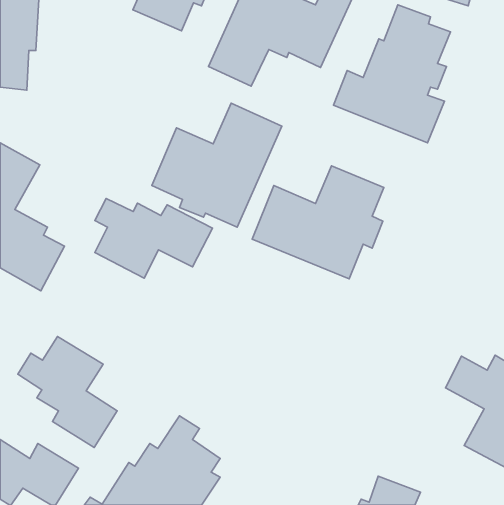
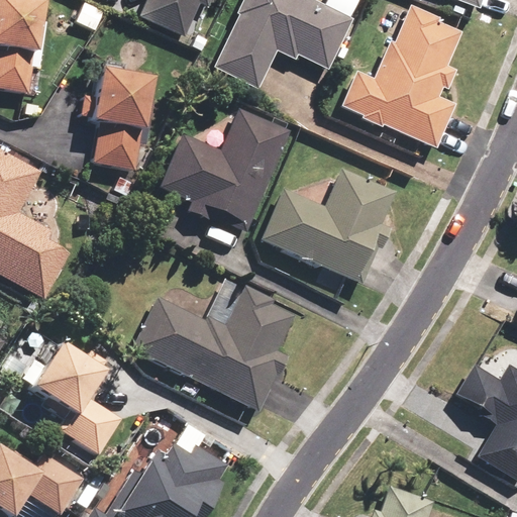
building: none -> [77,68,154,171]
building: [95,199,212,278] -> none
building: none -> [134,285,296,411]

